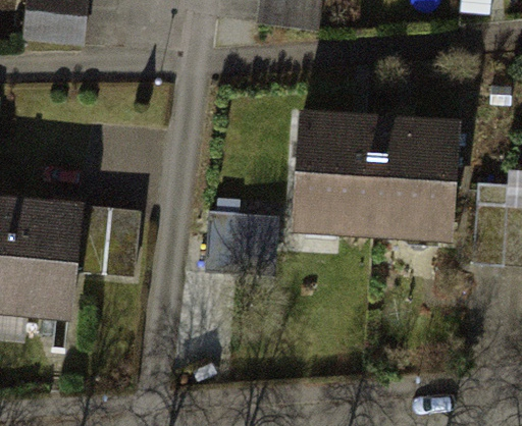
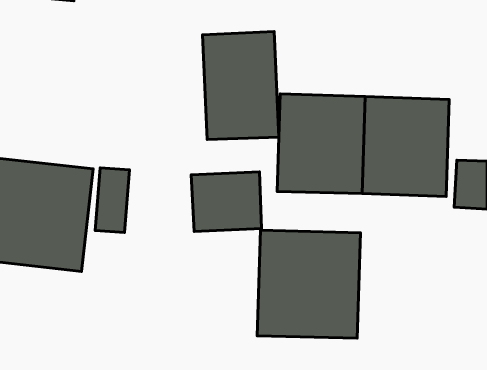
building: none -> [203,32,279,139]
building: none -> [257,230,360,338]

